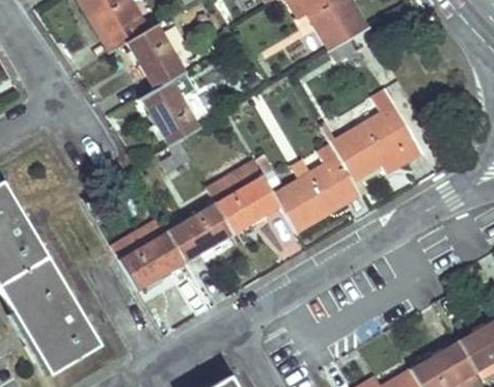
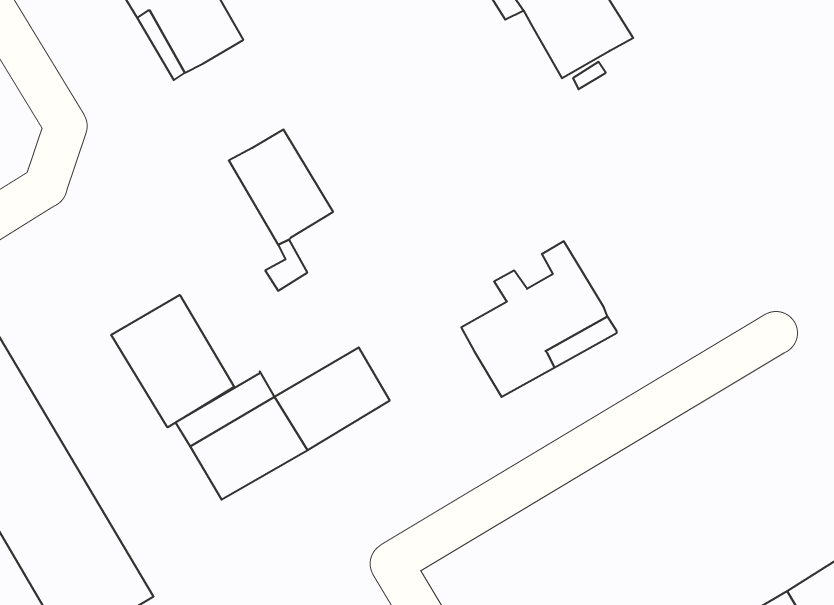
building: [127,24,187,90] -> none
building: [330,87,423,181] -> none
building: [205,161,280,233] -> none
building: none -> [111,295,234,427]

